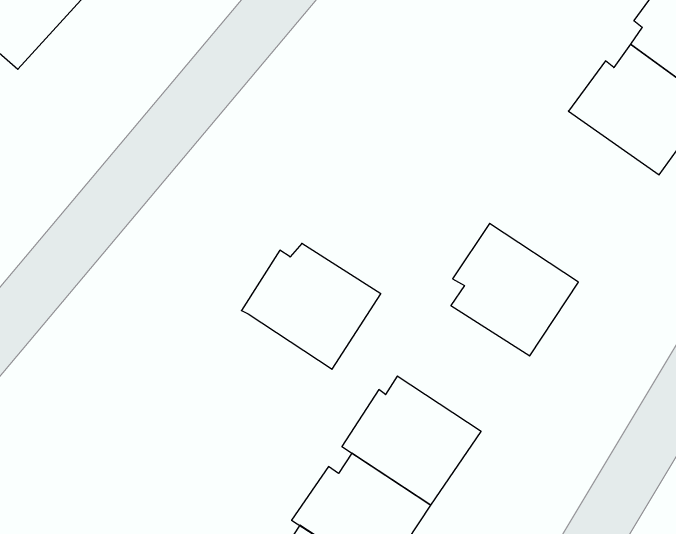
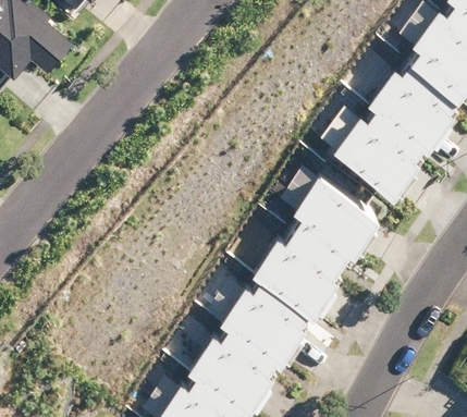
building: none -> [324,110,429,199]
building: [241,243,381,369] -> [255,236,345,318]

